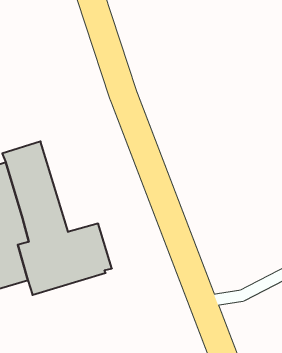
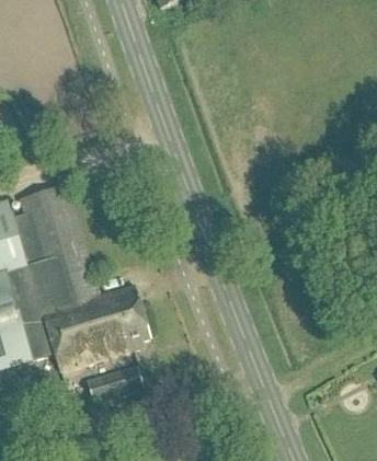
building: none -> [91,362,142,401]

